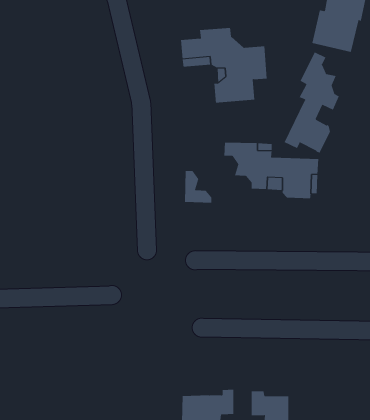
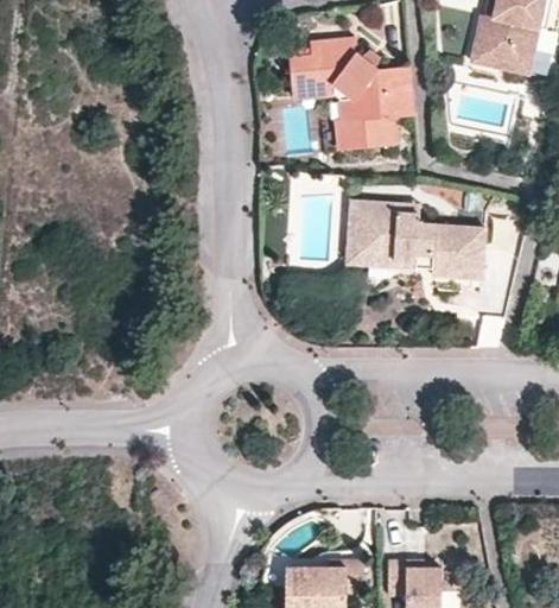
building: [284,51,340,154] -> none
building: [184,171,212,203] -> [348,223,388,270]

